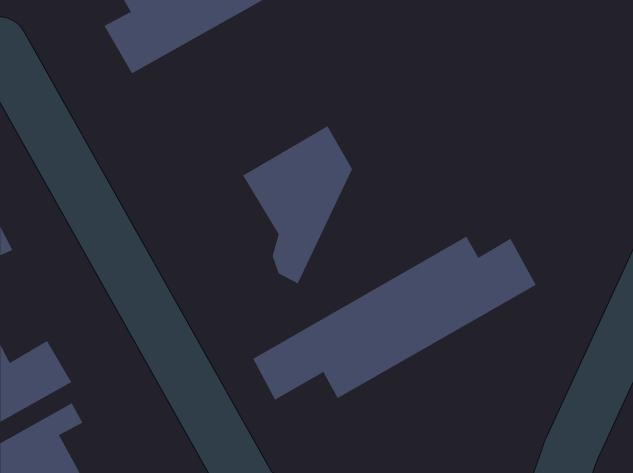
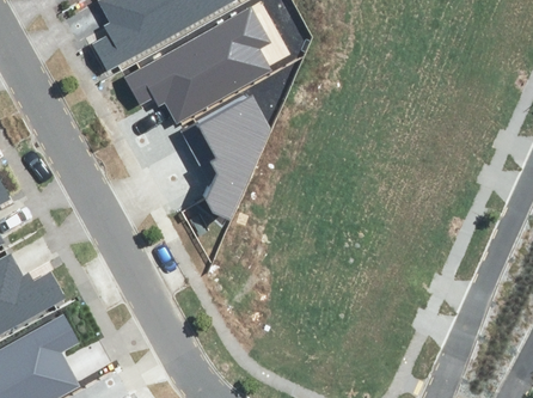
building: none -> [133,12,277,128]
building: [253,236,537,400] -> none

